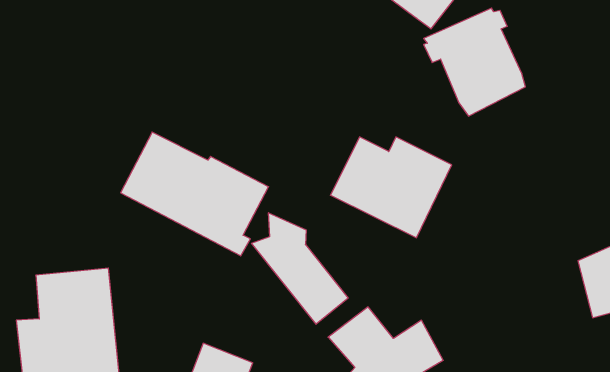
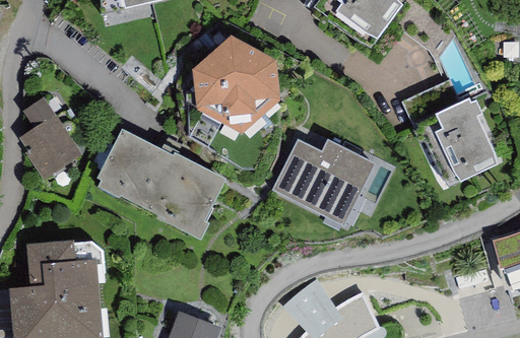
building: [424,8,525,116] -> [408,98,494,189]
building: none -> [207,43,285,128]
building: none -> [27,105,81,176]
building: [252,213,348,324] -> none

